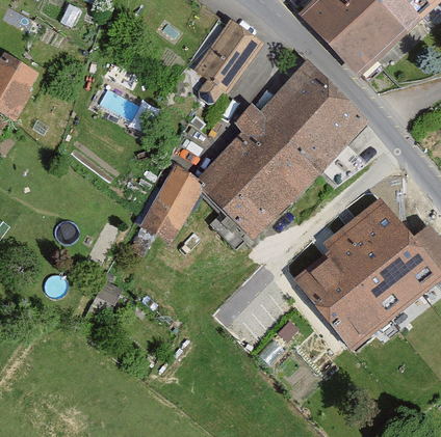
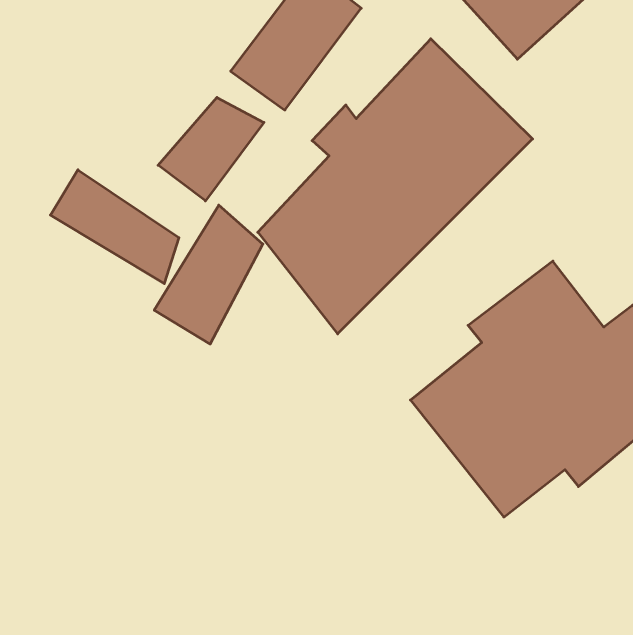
building: none -> [158,97,264,201]
building: none -> [50,170,179,284]

